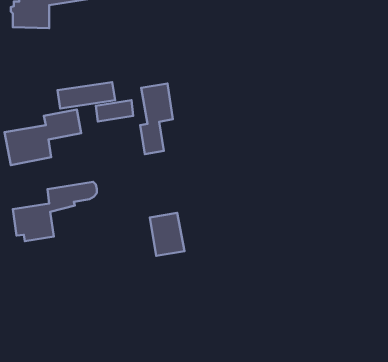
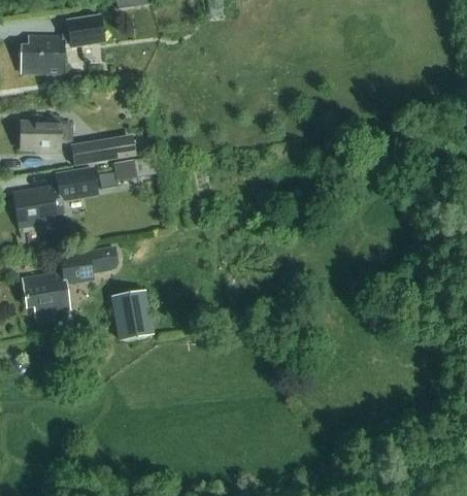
building: none -> [21,117,72,154]
building: [140,83,173,154] -> none
building: [150,213,184,256] -> [113,291,153,339]

